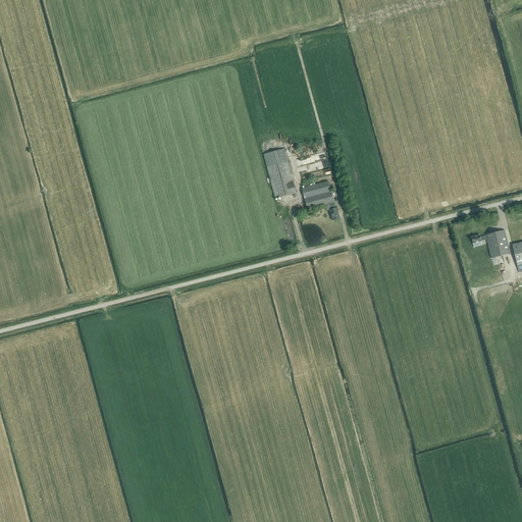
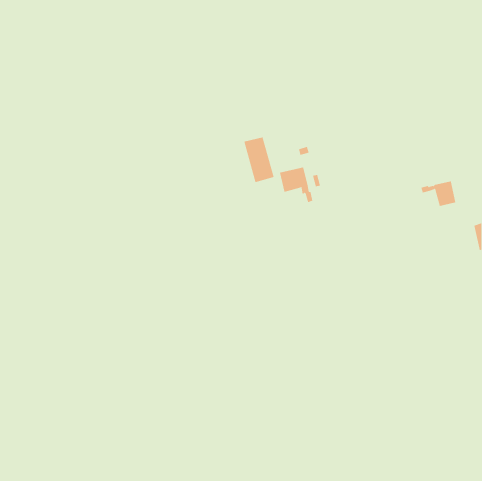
building: [471,229,510,257] -> [420,181,456,206]

